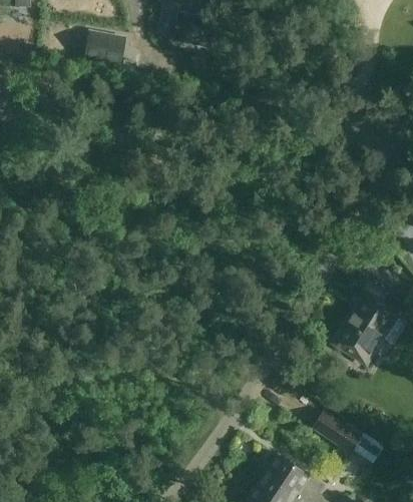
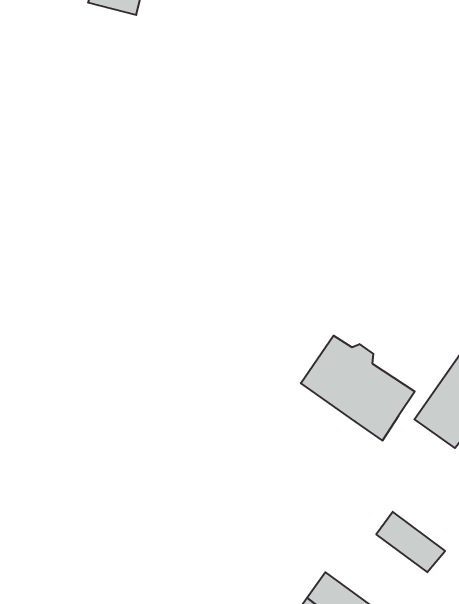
building: none -> [301,336,415,441]

